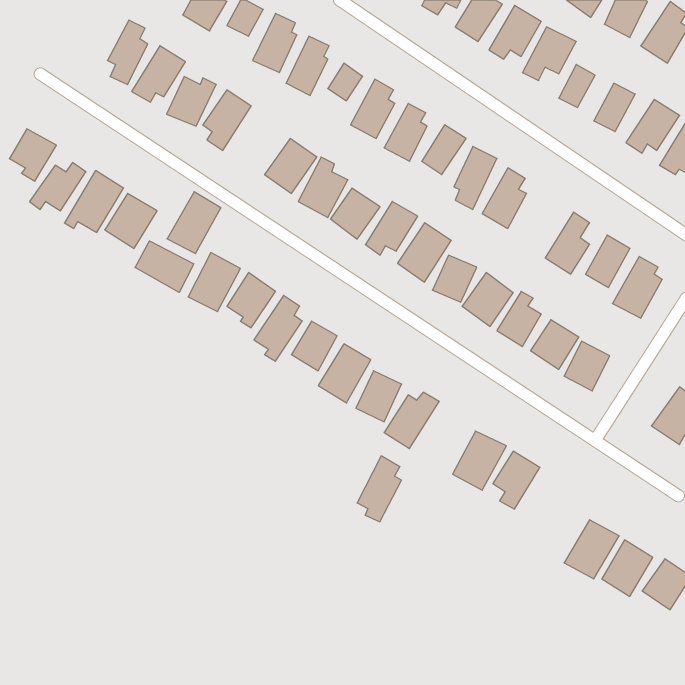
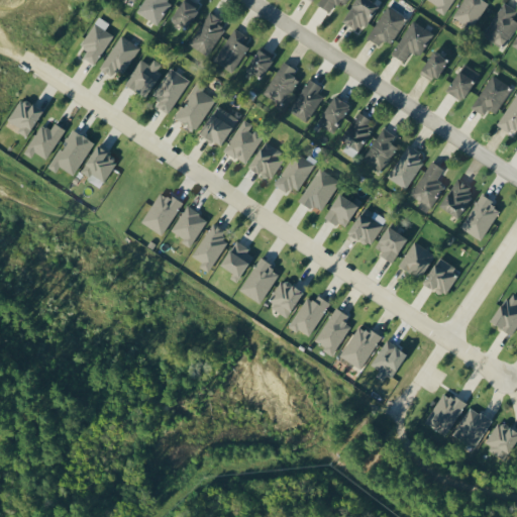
building: [167,192,221,254] -> [176,84,216,130]
building: none -> [388,146,426,189]
building: [135,241,194,292] -> none
building: [357,456,401,522] -> [317,307,350,356]

